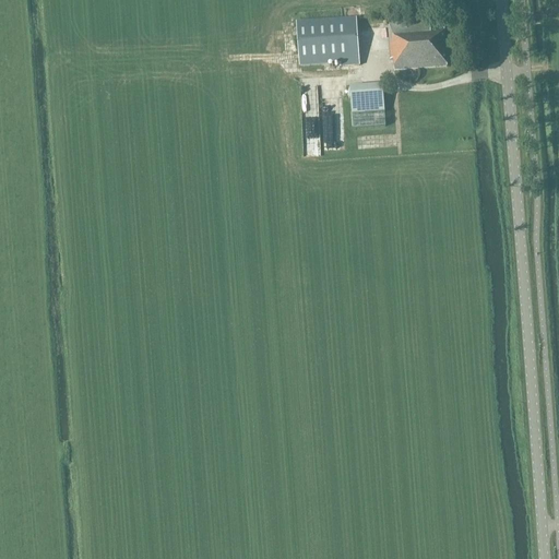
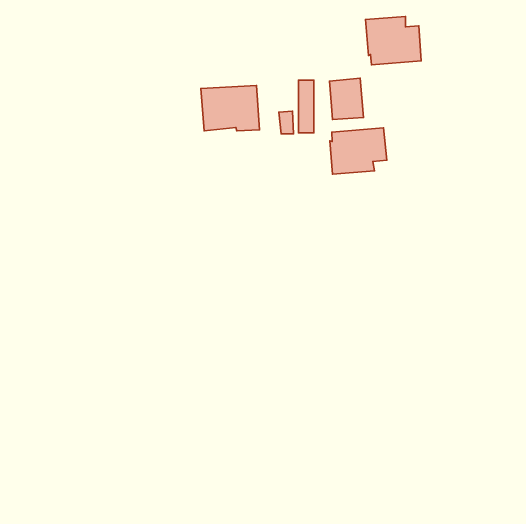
building: [296,17,358,66] -> [201,85,260,131]
building: none -> [330,128,387,174]

